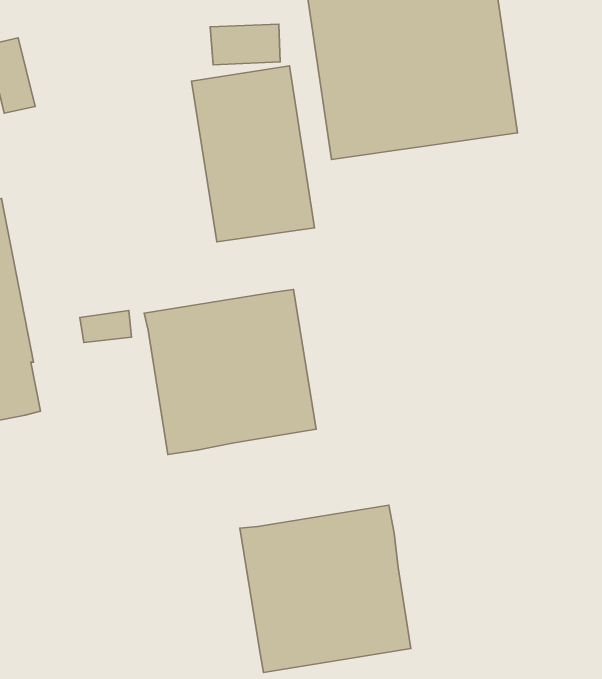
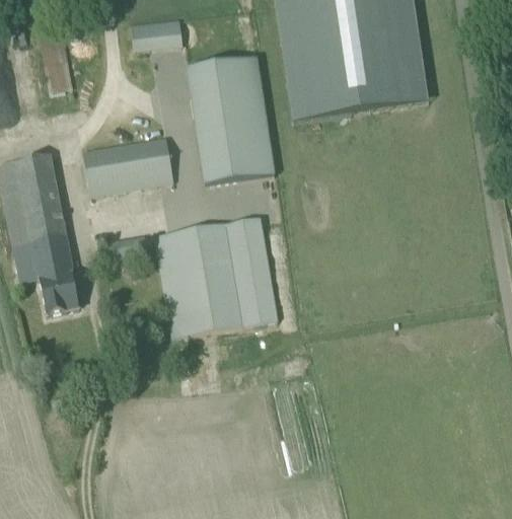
building: [210,24,280,65] -> [130,16,180,46]
building: none -> [83,141,172,189]
building: [240,505,411,672] -> none

